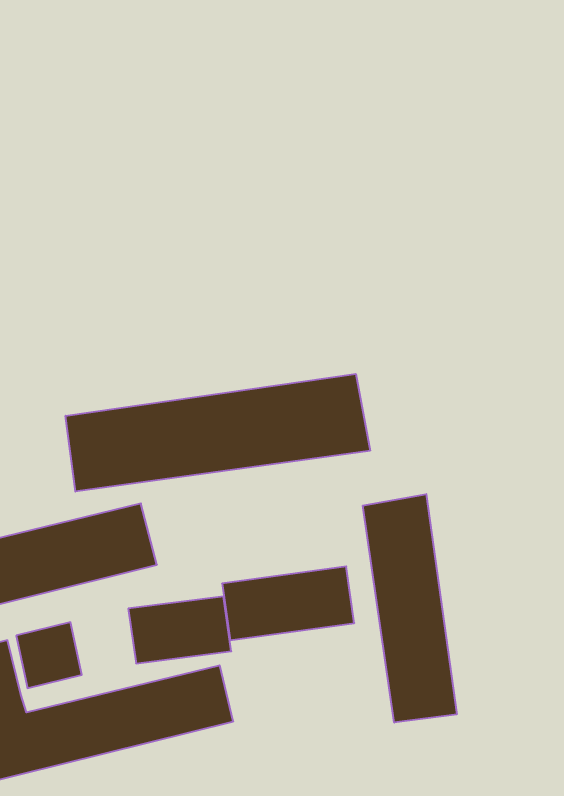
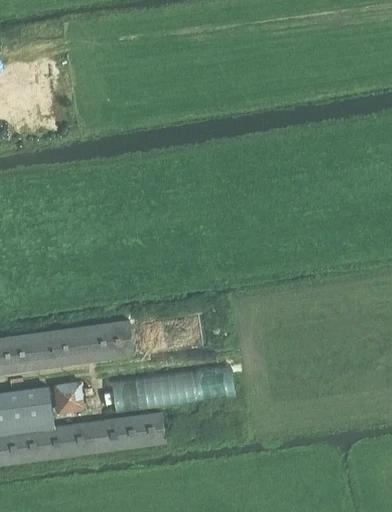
building: [66,374,370,492] -> none
building: [363,494,457,723] -> none

